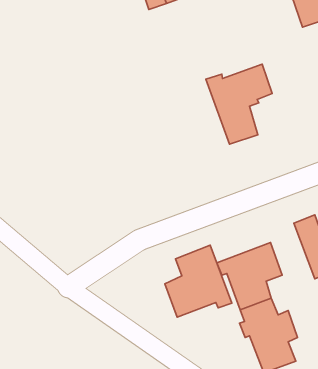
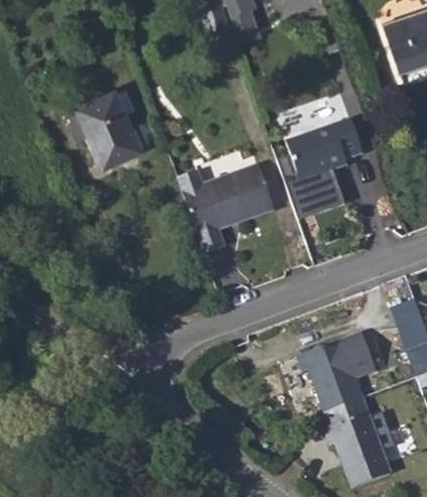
building: none -> [78,91,141,166]
building: none -> [178,164,275,253]
building: [165,245,232,317] -> none

